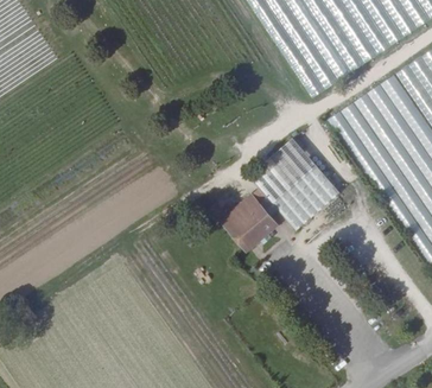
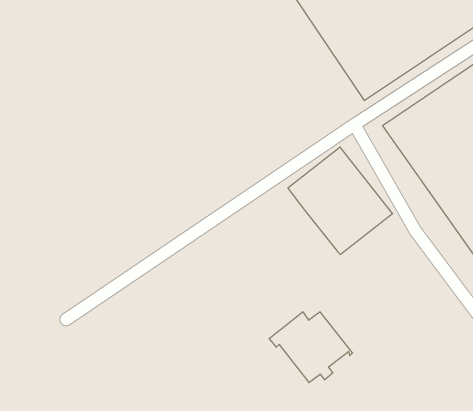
building: [222,189,292,248] -> [269,312,353,383]

